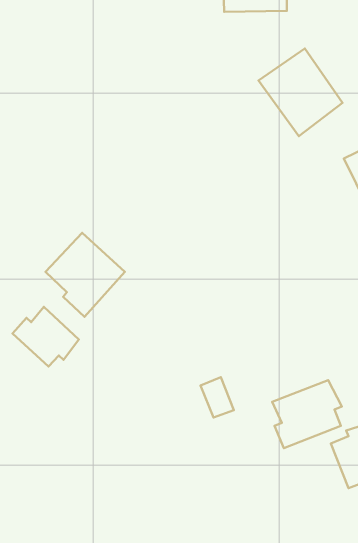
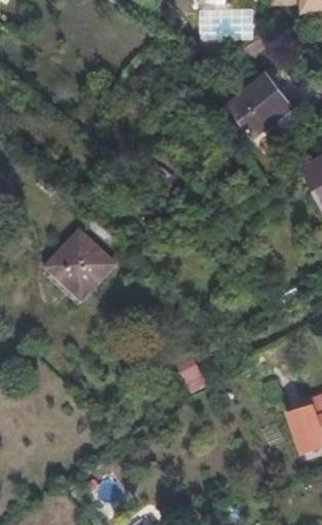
building: [13,307,79,366] -> none
building: [272,380,342,448] -> none

